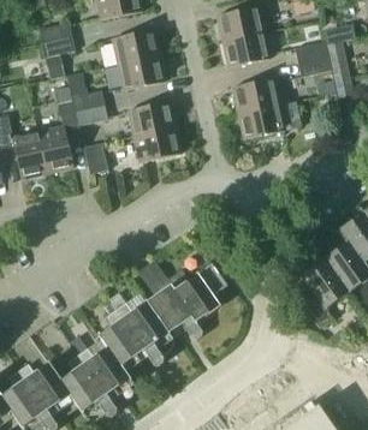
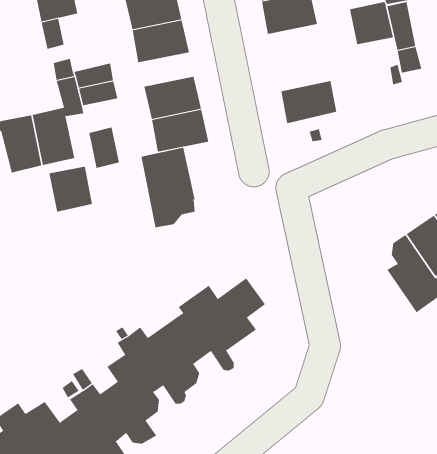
building: [232,77,279,112] -> none
building: none -> [141,147,195,228]
building: none -> [49,166,93,212]
building: [296,256,348,327] -> none

